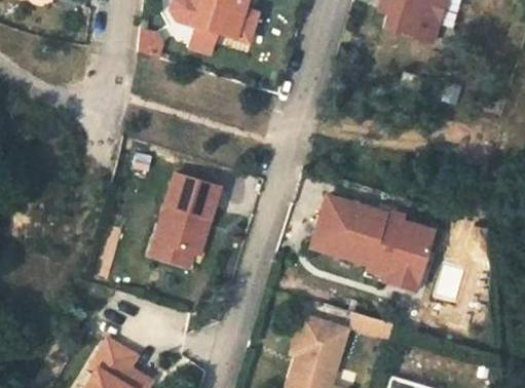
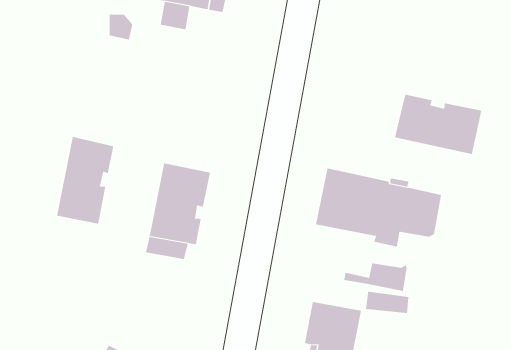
building: none -> [394,94,482,155]
building: none -> [57,136,114,225]
building: [363,261,423,290] -> [343,263,408,292]

